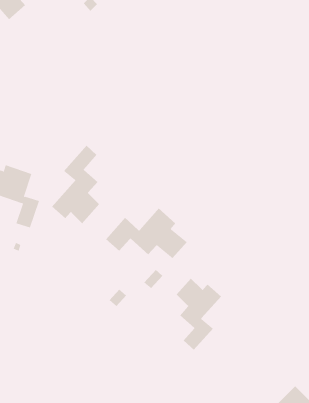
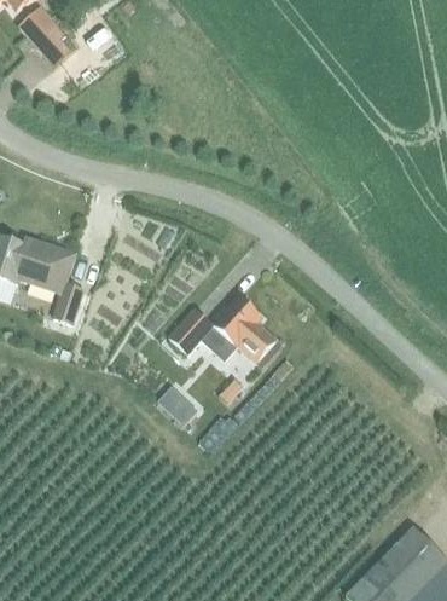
building: [51,145,100,224] -> none
building: [176,278,222,351] -> none

